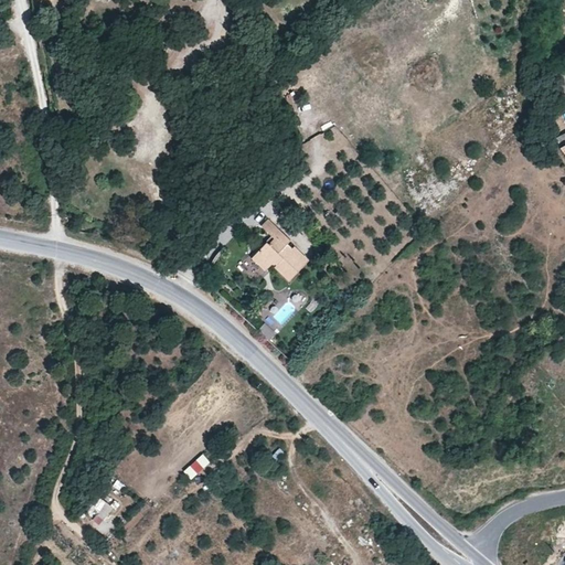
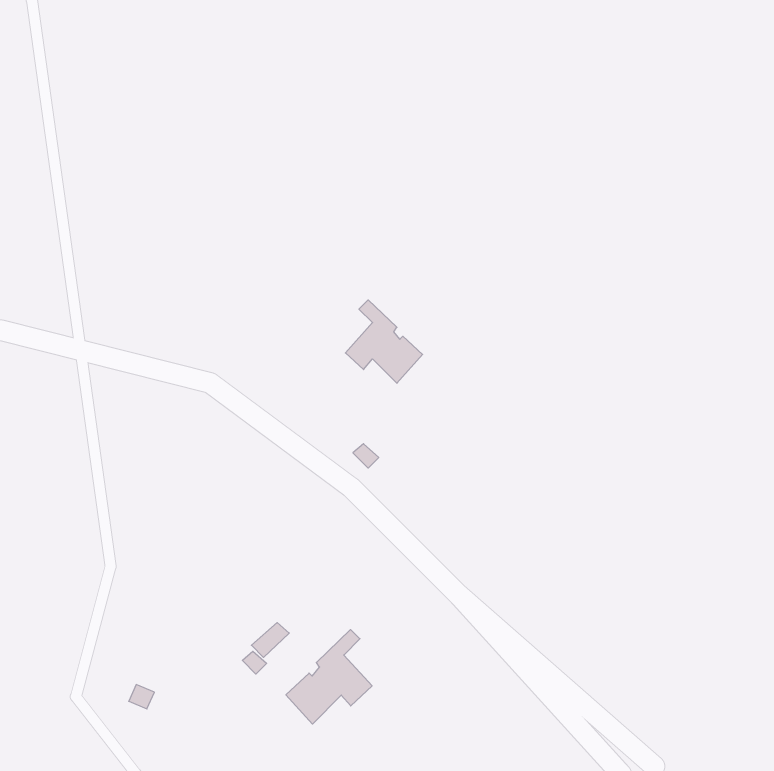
building: none -> [286,630,372,724]

